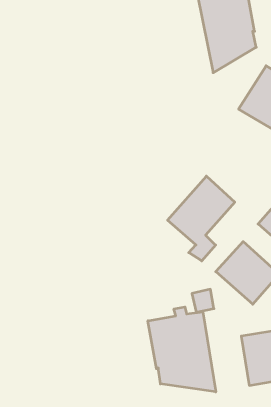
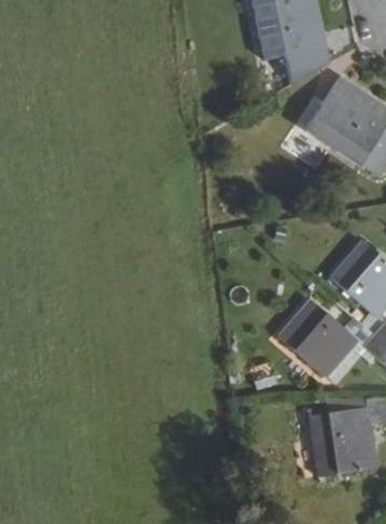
building: [168,176,235,261] -> none
building: [148,307,216,392] -> none

